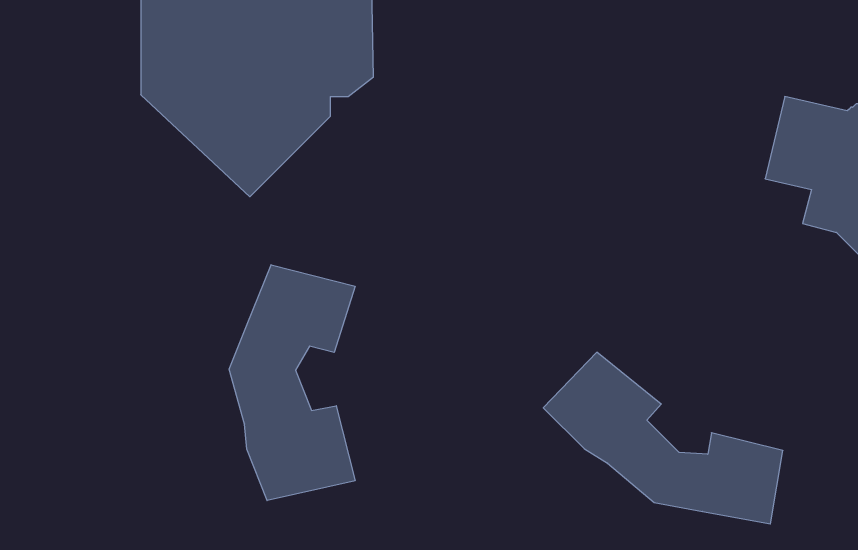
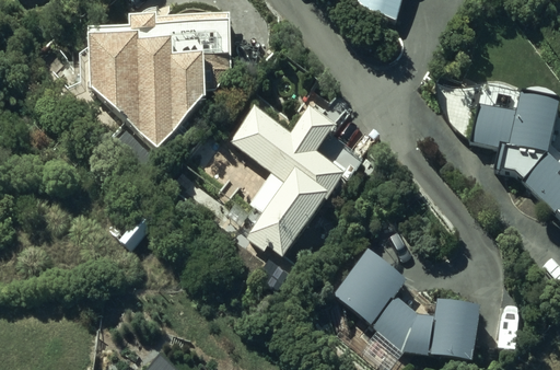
building: none -> [229,111,361,259]
building: [229,265,355,501] -> none

